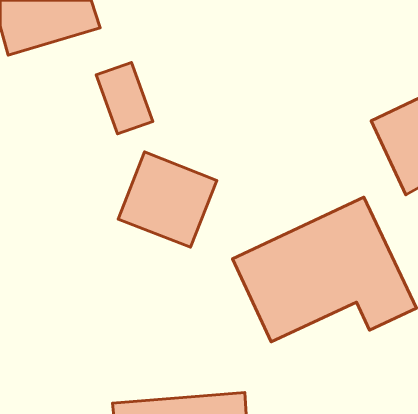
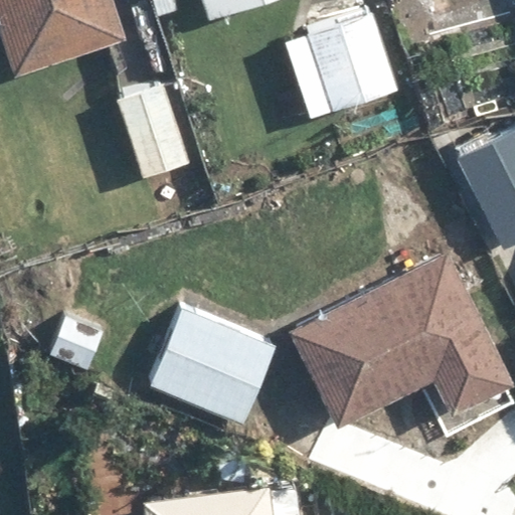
building: none -> [286,15,396,119]
building: [118,152,217,247] -> [153,309,274,425]

